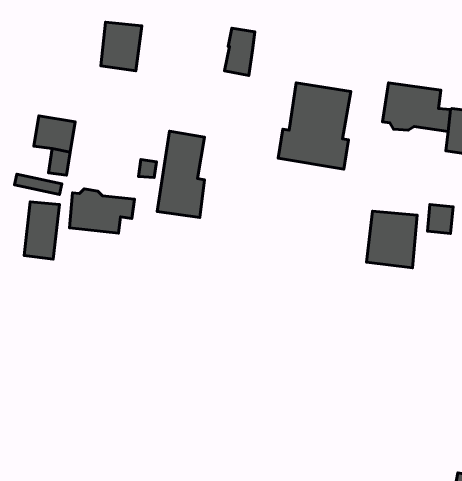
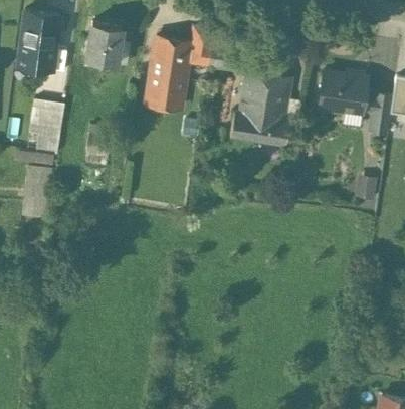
building: none -> [17,11,58,66]
building: [157,131,205,217] -> [145,36,184,108]
building: [69,189,135,233] -> none
building: [366,211,417,268] -> none

